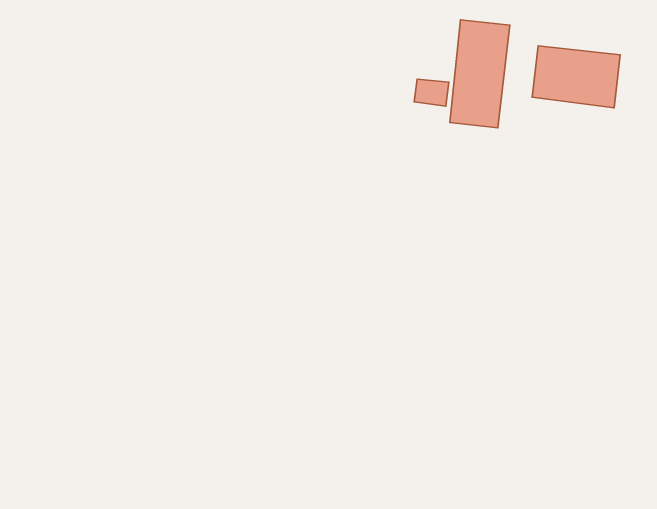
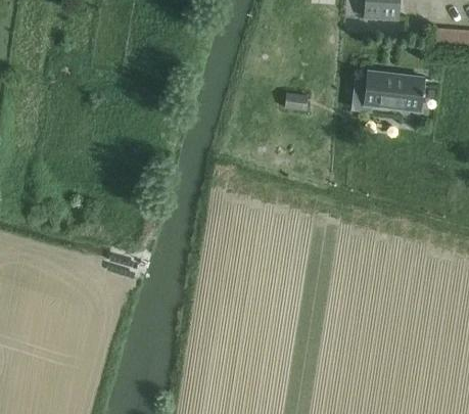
building: [450,20,510,128] -> none

